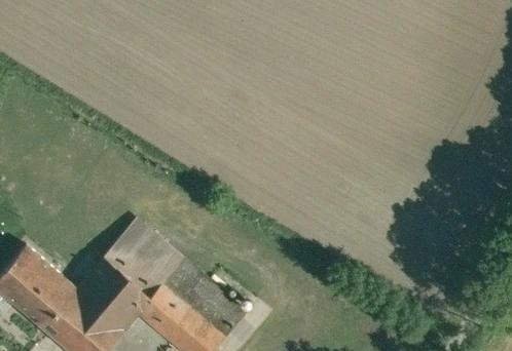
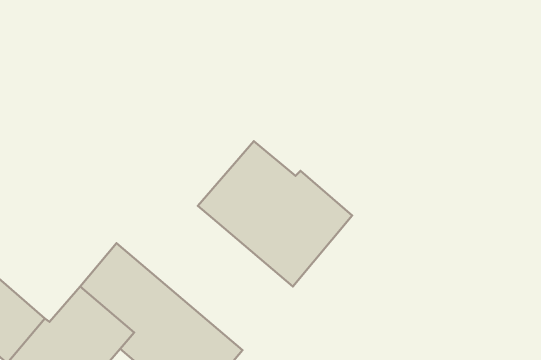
building: none -> [198,141,352,287]

